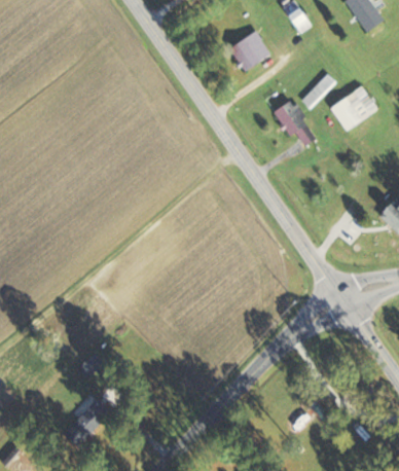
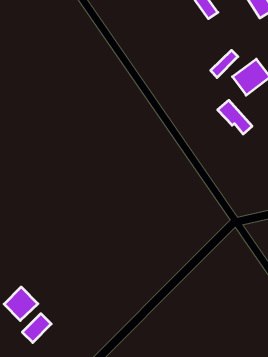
building: [229,31,270,71] -> none
building: [273,102,317,145] -> [218,100,252,134]
building: none -> [4,287,38,321]

